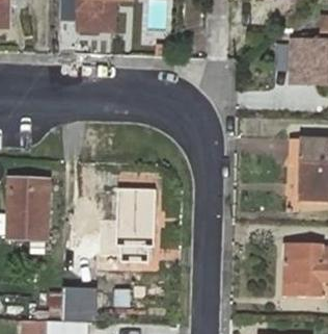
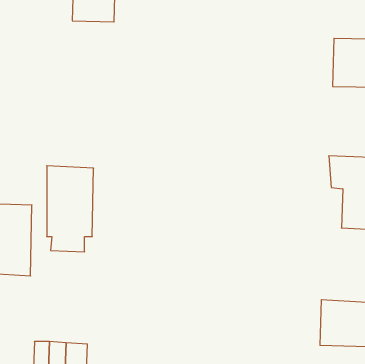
building: [116,187,155,258] -> [47,166,94,252]

